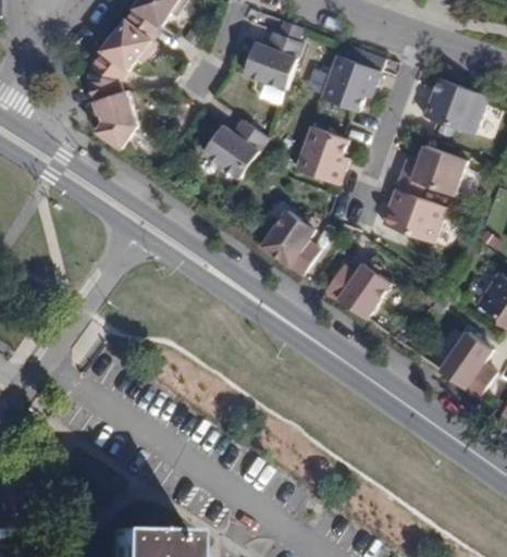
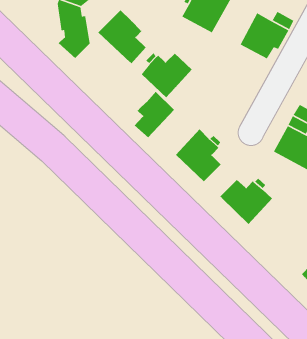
building: none -> [97,10,146,64]
building: [295,127,348,185] -> none
building: none -> [134,91,175,138]

